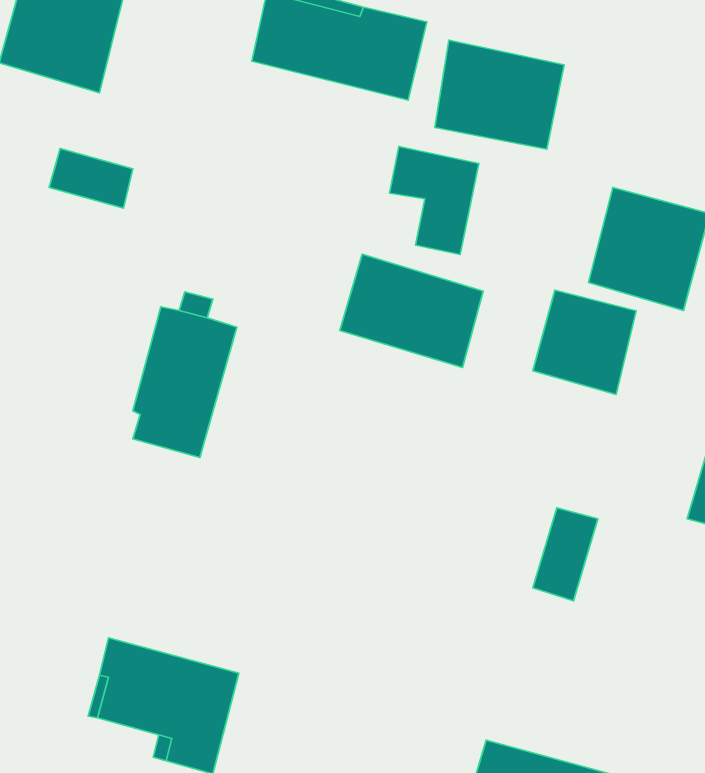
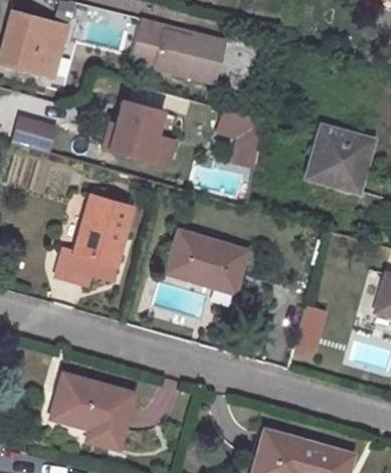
building: [435,40,564,149] -> none
building: none -> [117,100,169,161]
building: [340,254,483,368] -> [166,231,243,292]
building: [533,290,636,395] -> none

